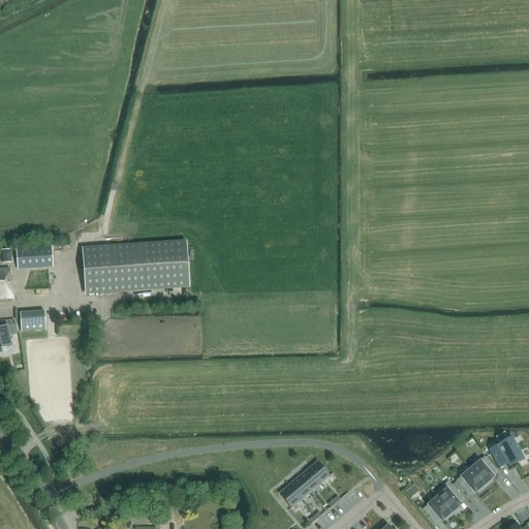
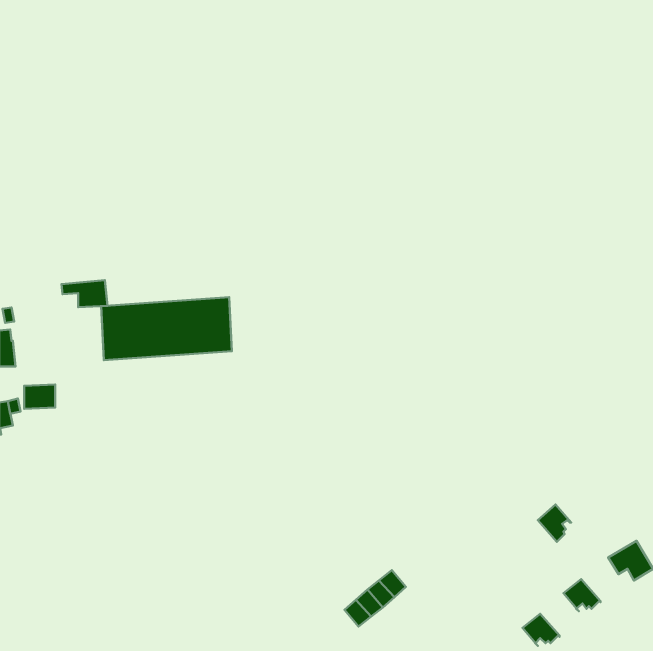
building: [14,244,52,266] -> [61,280,107,307]
building: [469,455,496,485] -> [538,505,571,542]
building: [433,478,462,512] -> none

